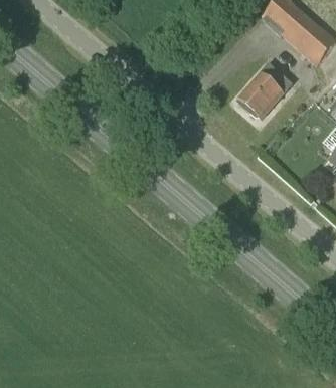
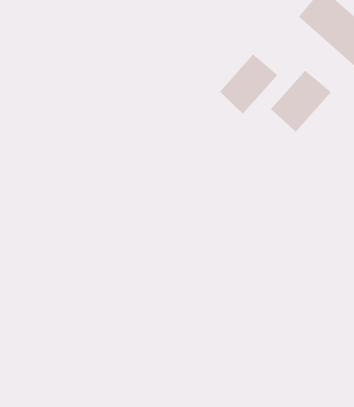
building: none -> [219,53,278,115]

